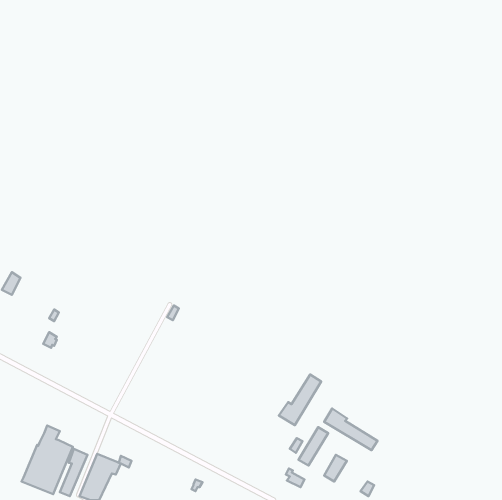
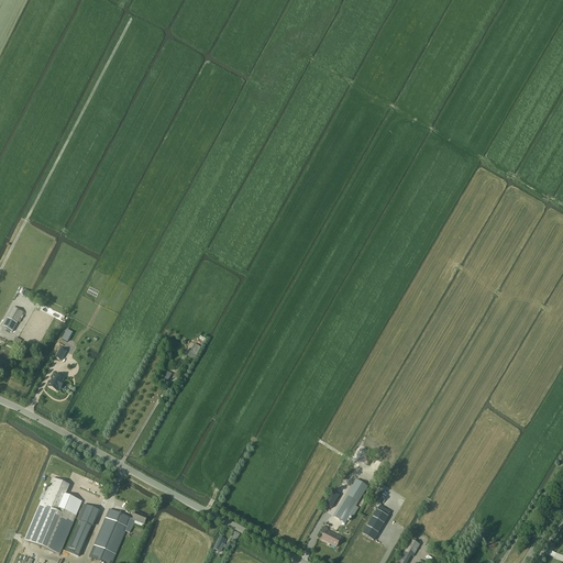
building: [279,375,321,425] -> none
building: [324,408,377,450] -> none

